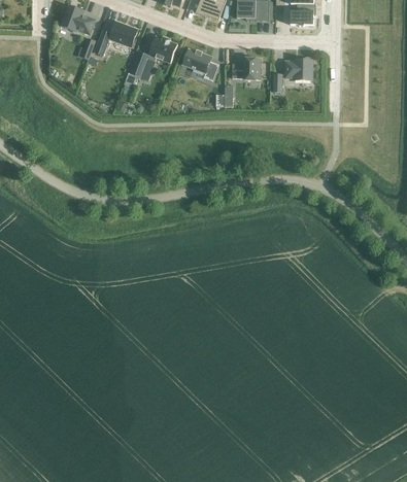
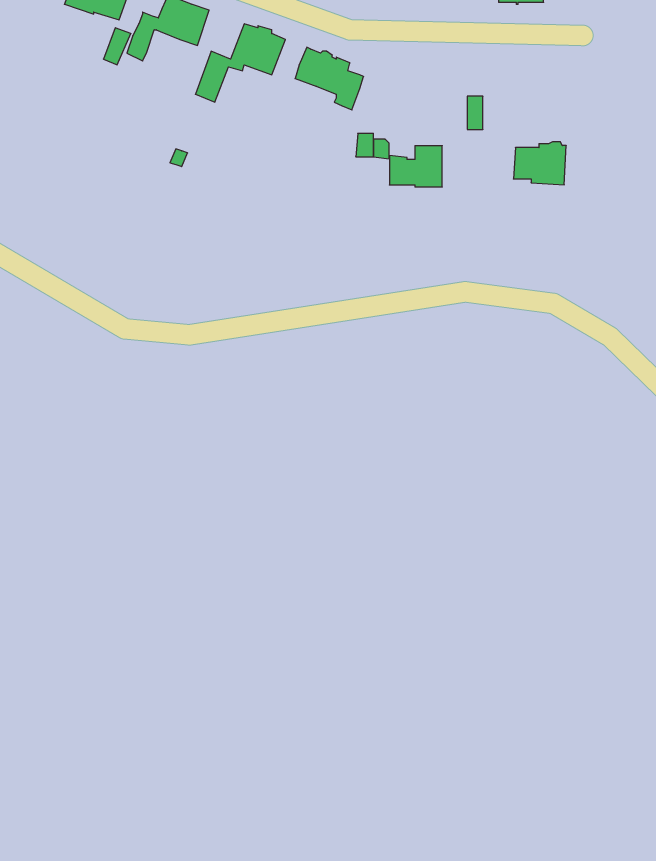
building: [232,58,260,79] -> [389,146,442,187]
building: [284,58,312,80] -> [513,142,566,185]

